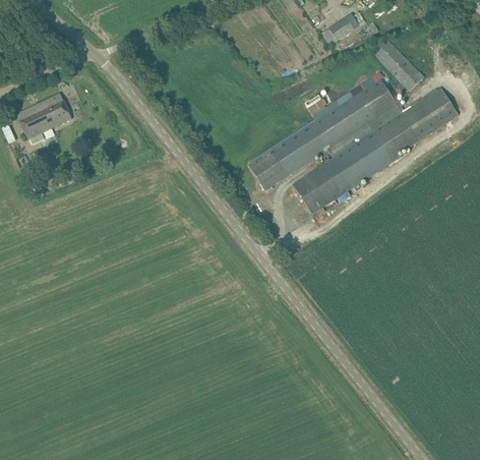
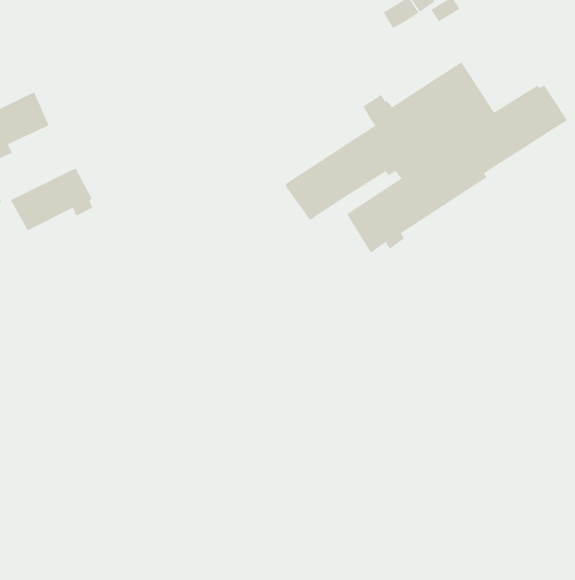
building: [374,39,424,95] -> none
building: none -> [10,168,93,231]

